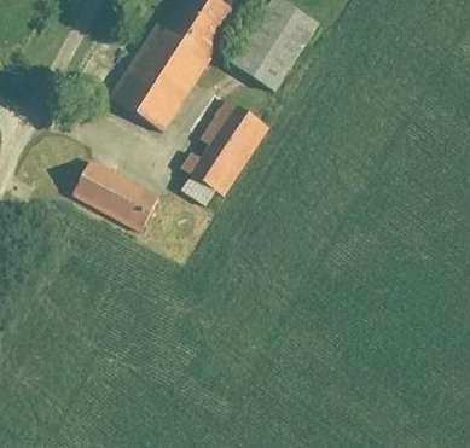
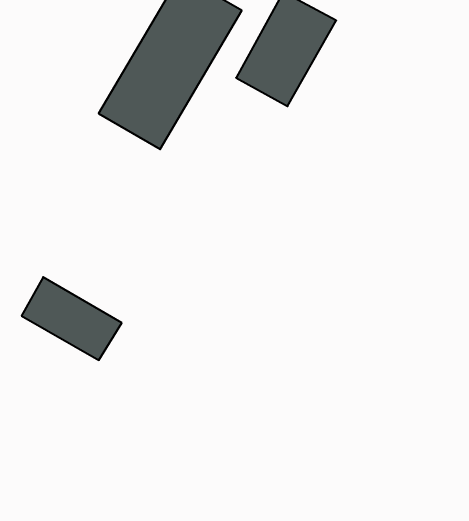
building: [186,101,266,193] -> none
building: [74,158,158,228] -> [22,277,122,360]

